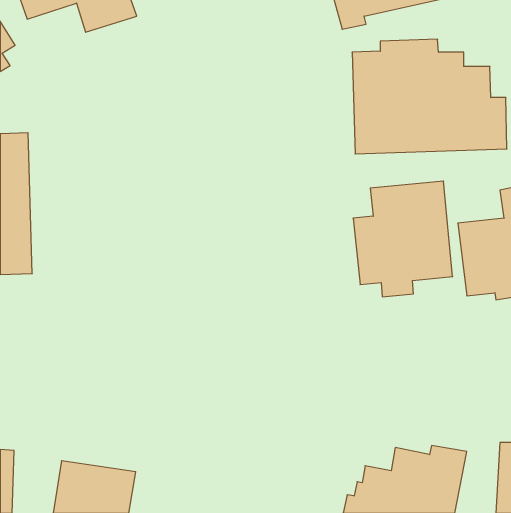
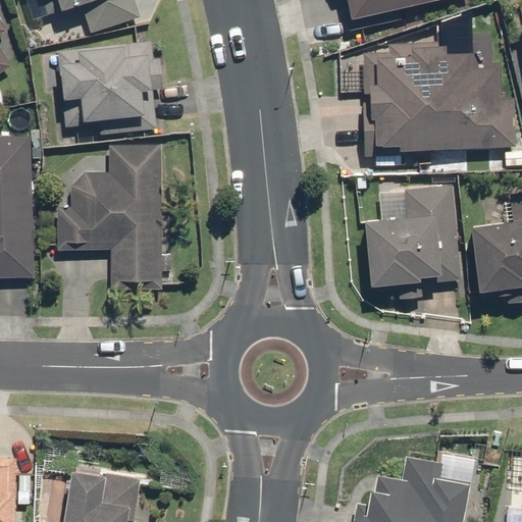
building: none -> [56,41,163,128]
building: none -> [57,144,163,291]

